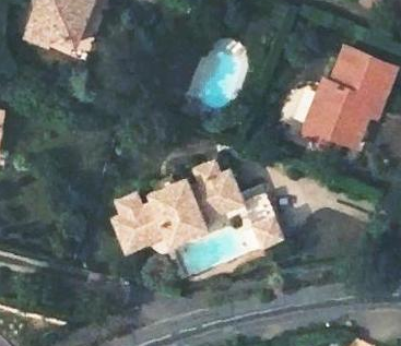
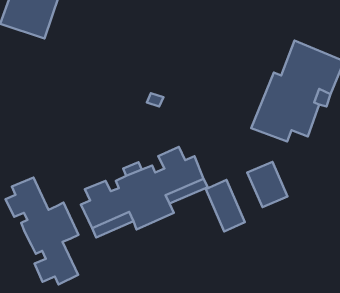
building: none -> [247,162,288,207]
building: none -> [5,177,78,285]

